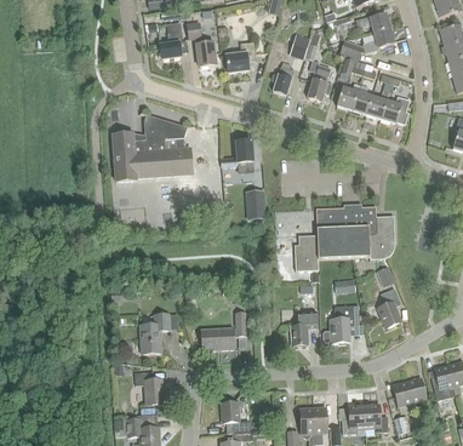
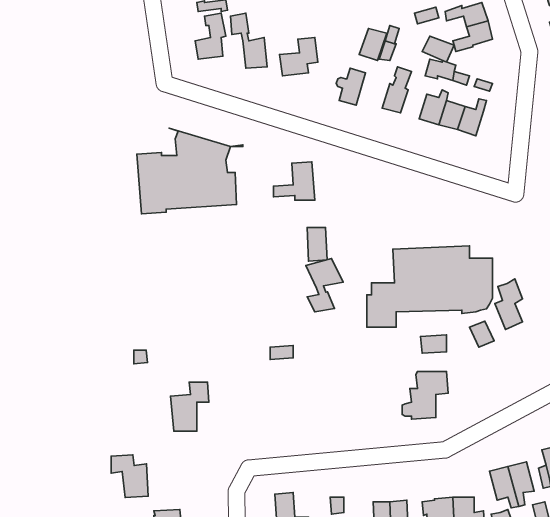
building: [381,96,408,124] -> none
building: none -> [306,259,343,312]
building: [378,287,400,327] -> [495,279,522,330]
building: [290,310,318,345] -> none
building: [201,311,246,350] -> none
building: [135,371,164,405] -> [111,455,148,498]

